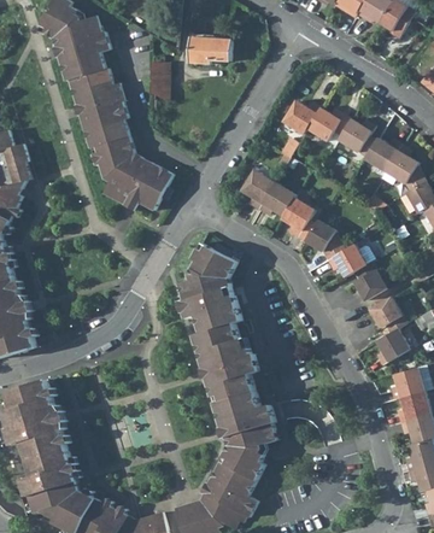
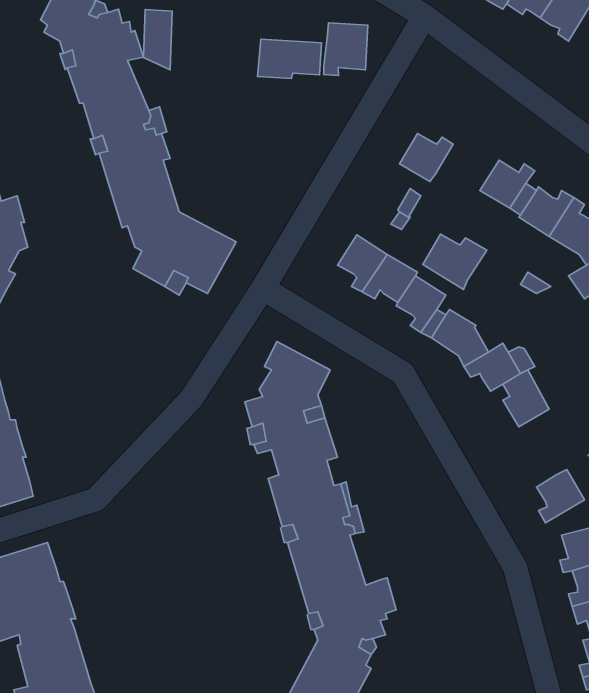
building: none -> [324,23,368,76]
building: [151,61,170,102] -> [144,9,172,70]
building: [307,109,351,146] -> [423,234,487,289]
building: [369,297,405,333] -> none

